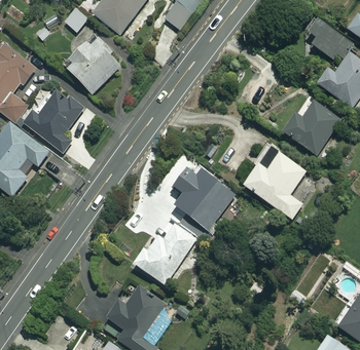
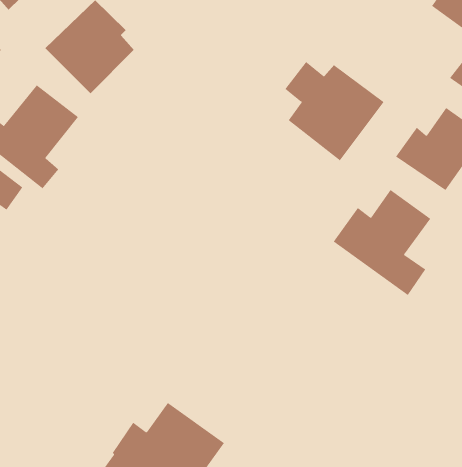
building: [172,167,235,230] -> [285,61,385,161]
building: [133,224,195,284] -> none

